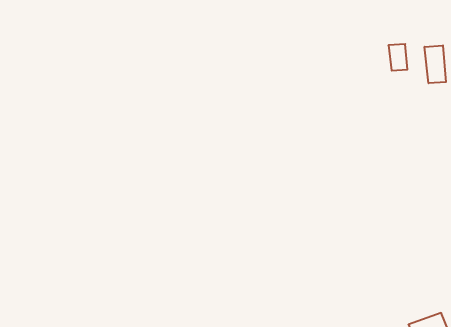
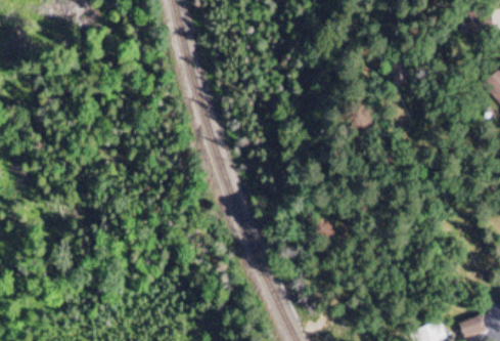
building: [425,45,446,83] -> none

